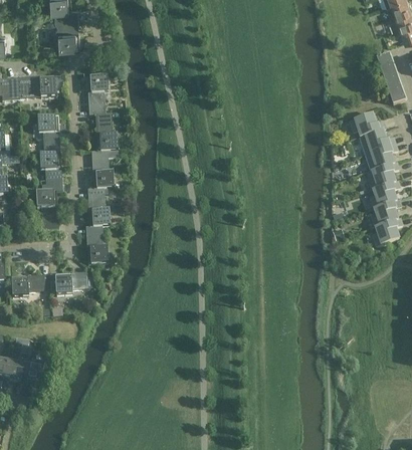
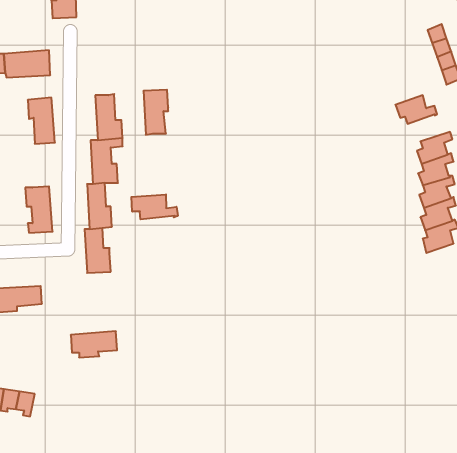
building: [86,75,108,114] -> [143,90,168,135]
building: [359,129,395,152] -> none
building: [39,153,62,191] -> none
building: none -> [131,194,178,219]
building: [48,271,87,293] -> [71,331,117,357]

